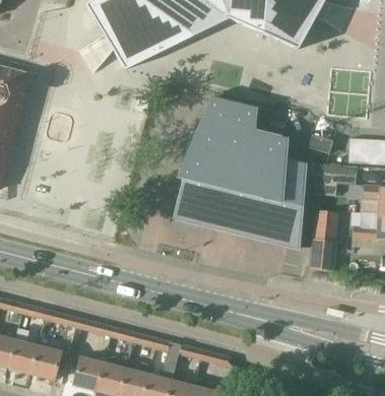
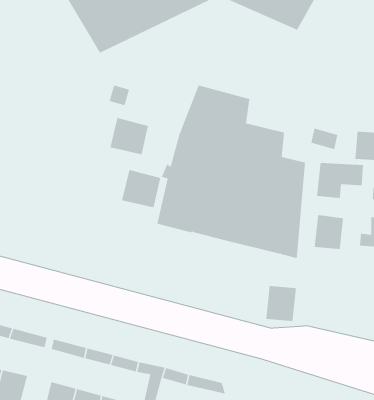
building: none -> [110,117,149,155]
building: none -> [122,169,161,208]
building: [309,238,336,269] -> [265,286,297,321]

